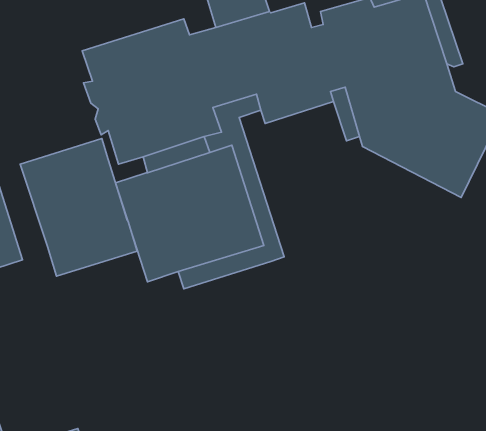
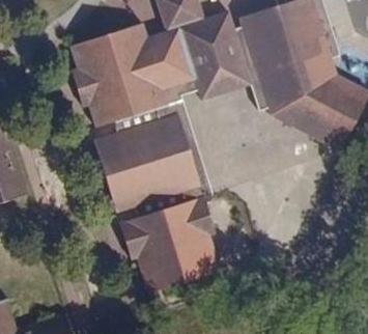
building: [20,138,137,276] -> none
building: none -> [119,196,221,294]

